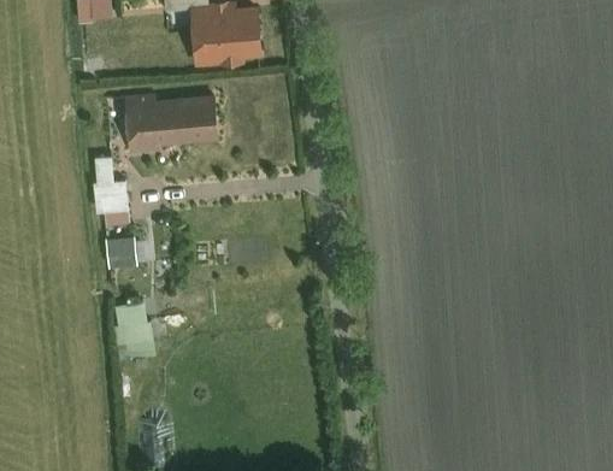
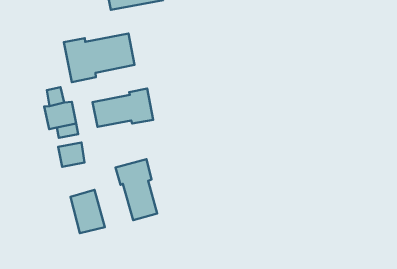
building: none -> [93,89,153,127]
building: none -> [116,159,157,220]

